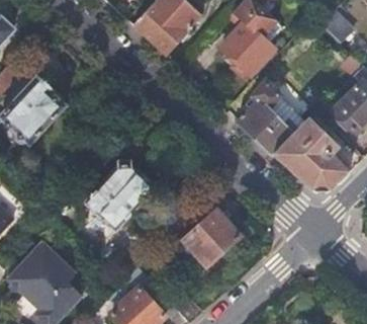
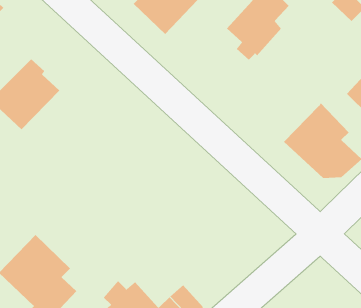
building: [238,81,309,155] -> none
building: [85,163,154,229] -> none
building: [173,196,241,266] -> none

